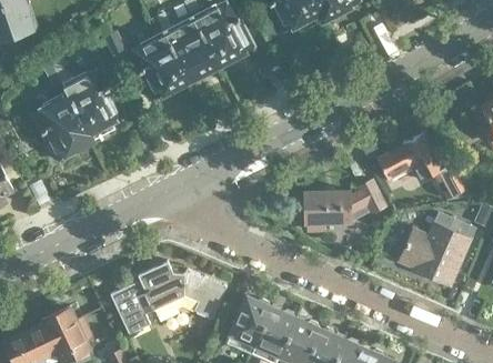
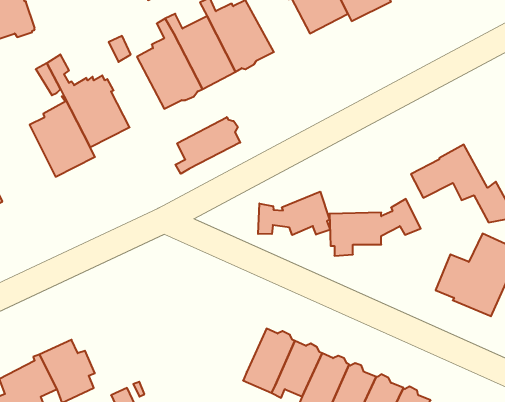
building: none -> [175,117,240,174]
building: none -> [258,192,330,235]
building: [110,261,227,334] -> none

